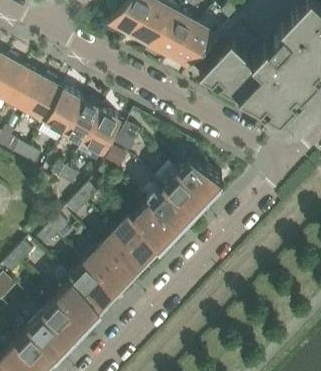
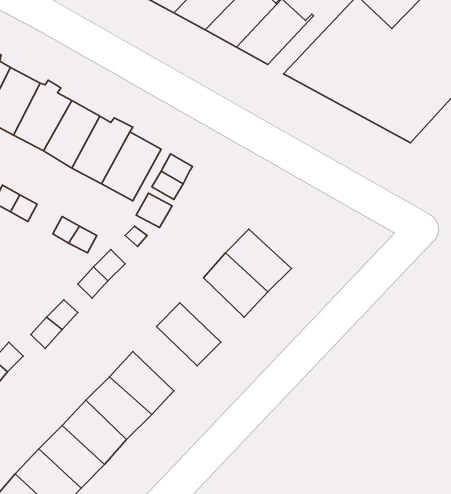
building: [176,153,222,197] -> none
building: [132,203,173,244] -> none
building: [102,234,143,275] -> none

